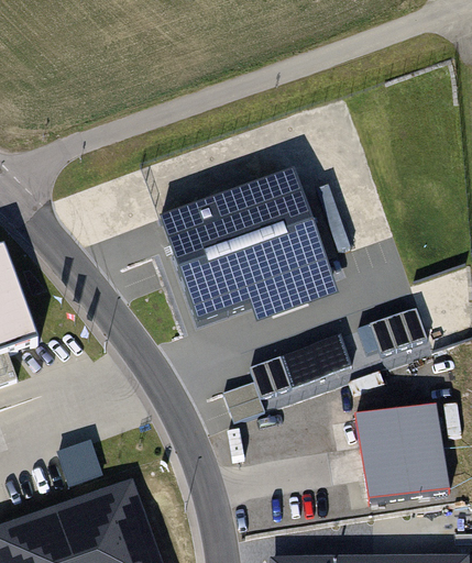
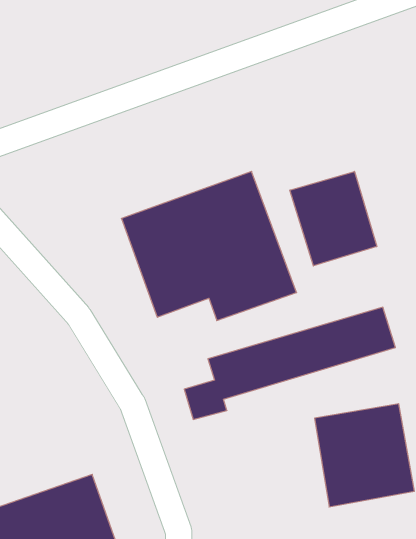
building: none -> [290,171,377,266]

